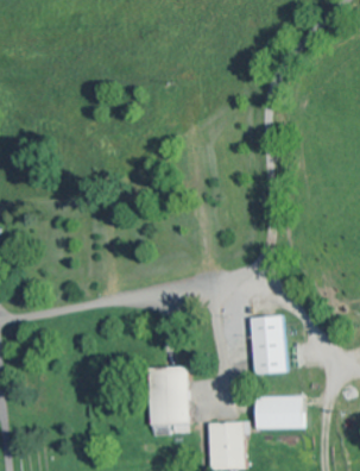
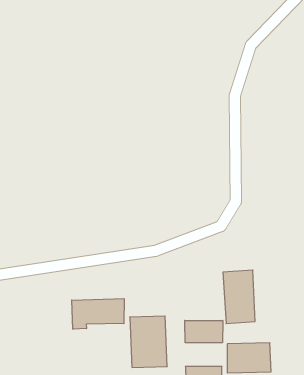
building: none -> [72,299,124,329]
building: none -> [185,320,223,343]

